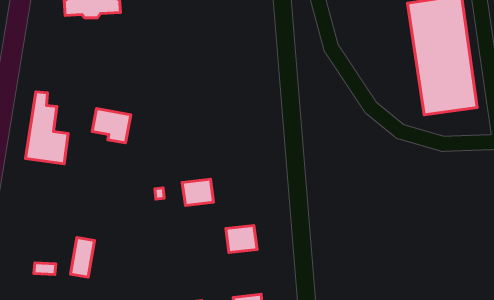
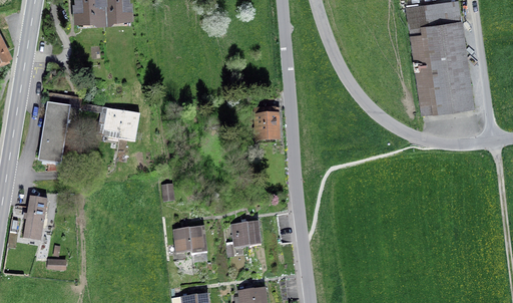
building: none -> [254,109,281,138]
building: [182,179,214,205] -> [173,228,203,253]
building: [71,238,95,277] -> [24,198,47,236]

